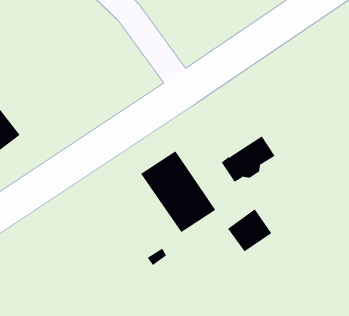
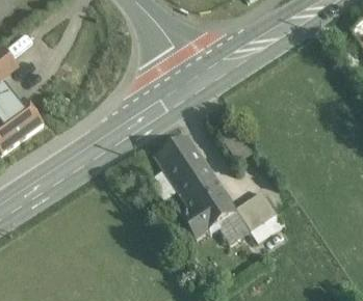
building: [221,133,275,183] -> [183,195,234,241]

